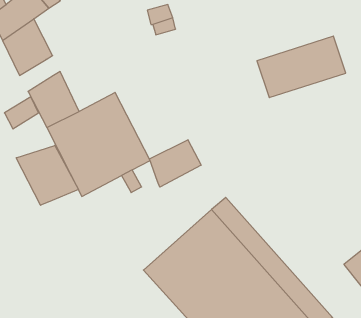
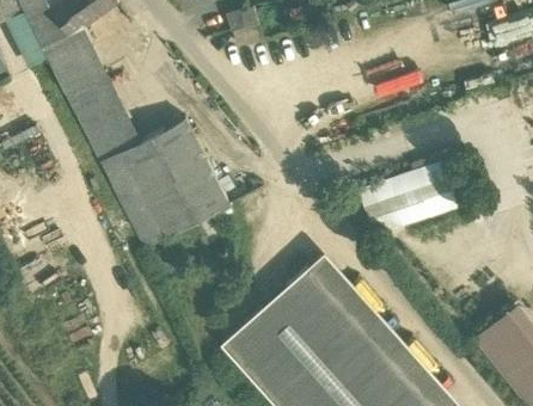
building: [257,36,346,98] -> [359,159,471,236]
building: [4,97,38,129] -> [65,78,108,118]
building: [149,140,201,187] -> none
building: [16,145,78,205] -> none

